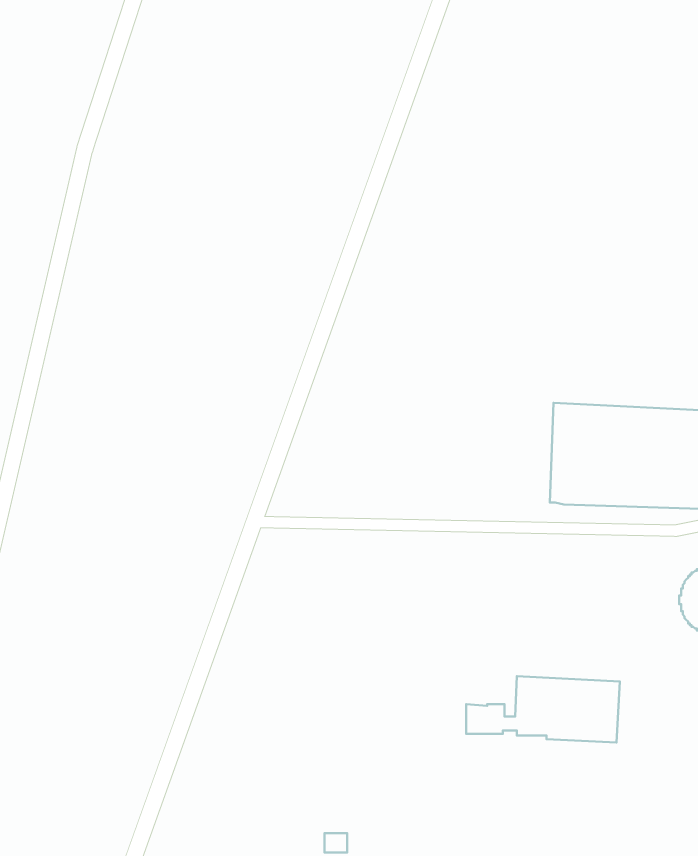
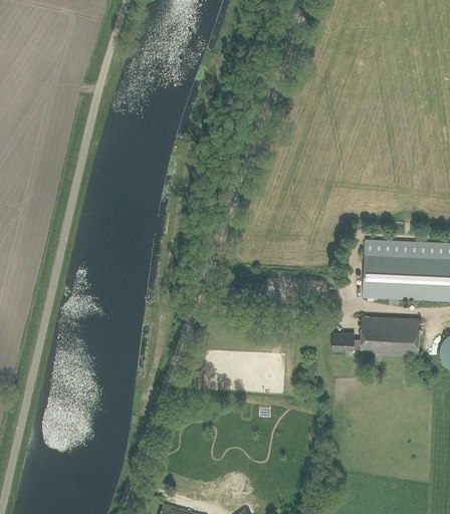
building: [466,676,620,743] -> [332,317,421,355]

